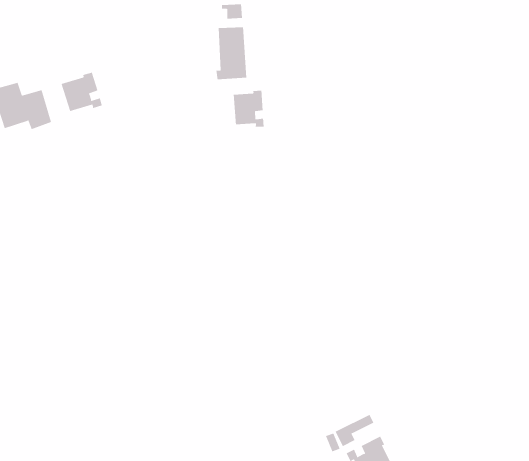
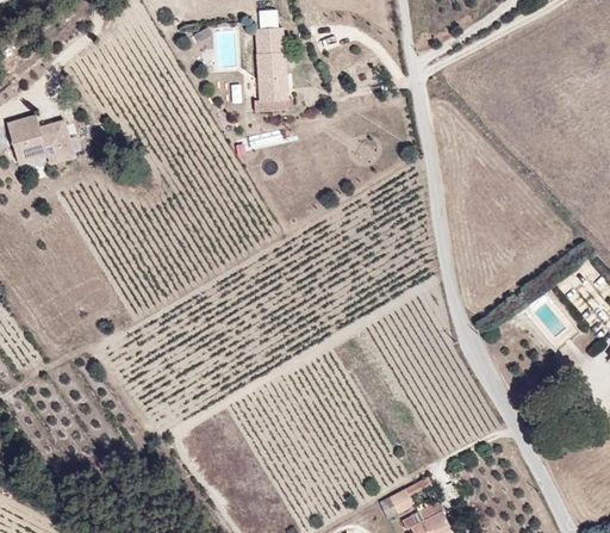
building: [61,72,103,112] -> none
building: [233,90,264,128] -> none

